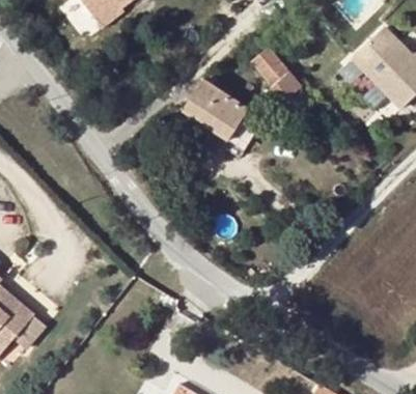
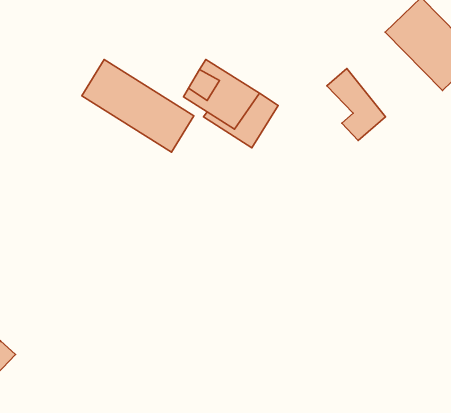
building: [251,47,300,107] -> [327,68,385,141]
building: none -> [82,60,194,152]

